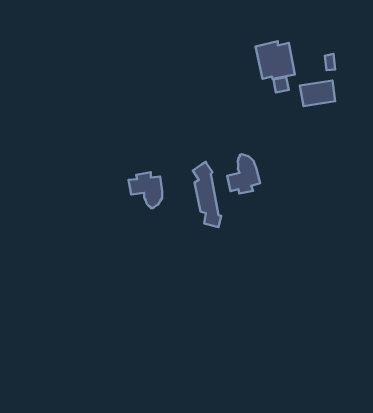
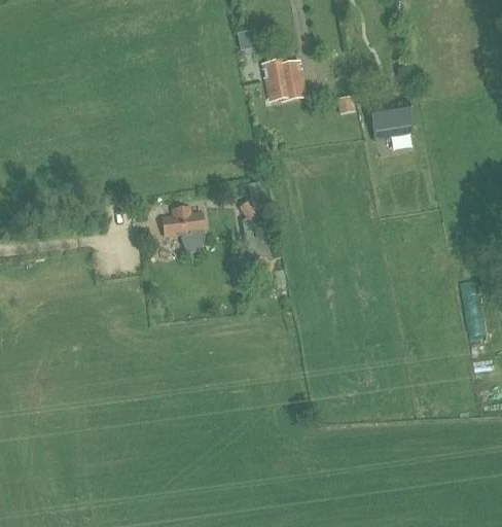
building: [255,41,295,79] -> [260,59,308,104]
building: [227,154,260,194] -> none

